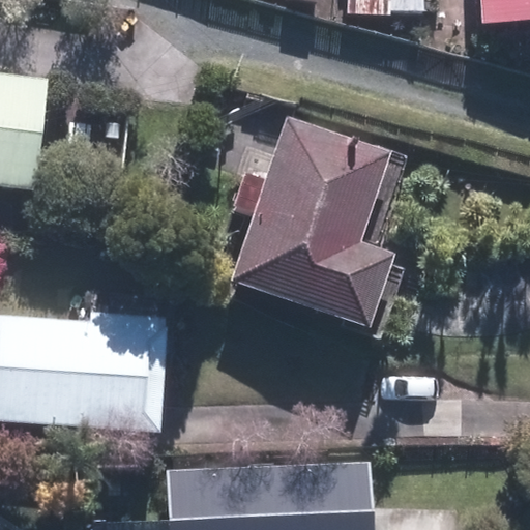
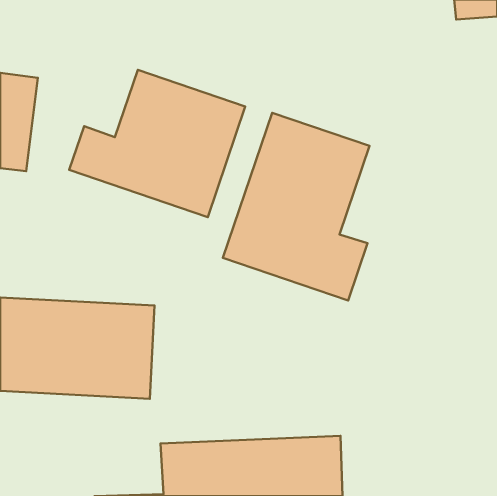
building: none -> [69,70,245,217]

